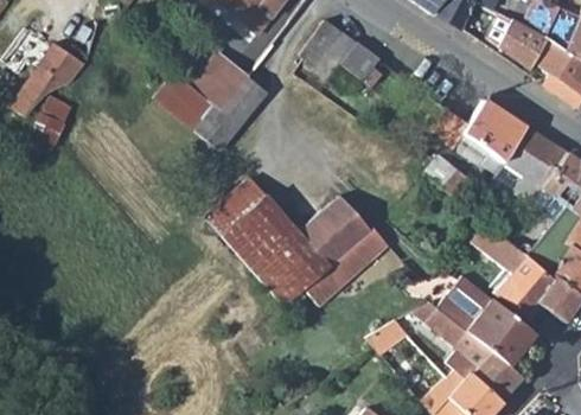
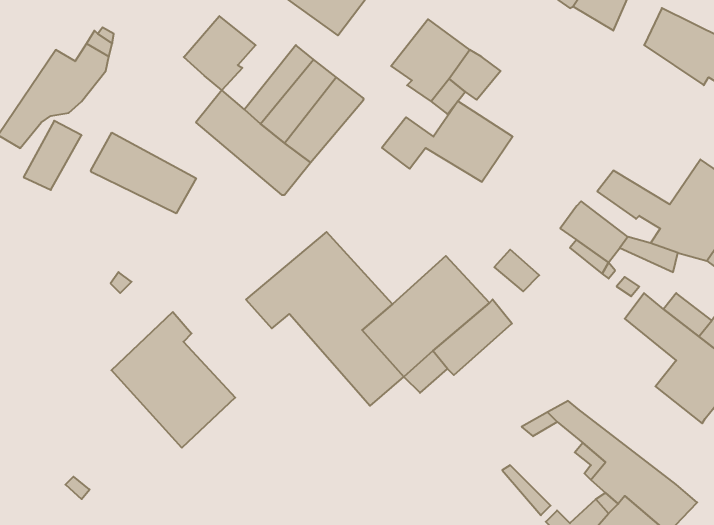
building: none -> [184,16,256,90]
building: [432,98,528,158] -> [382,101,513,182]
building: none -> [91,133,196,213]
building: none -> [111,312,235,448]
building: [438,277,532,364] -> none

